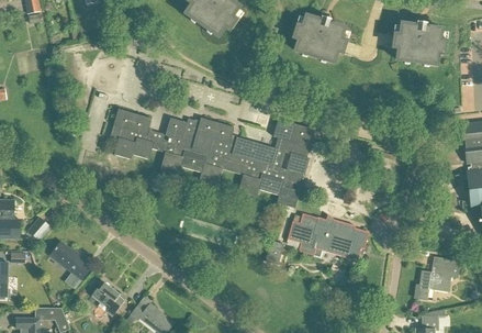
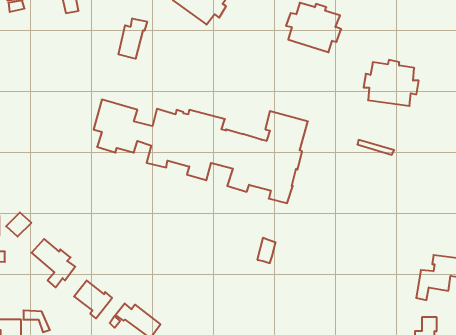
building: [392,20,445,64] -> [364,60,419,106]
building: none -> [118,18,147,59]
building: [285,212,368,258] -> none

